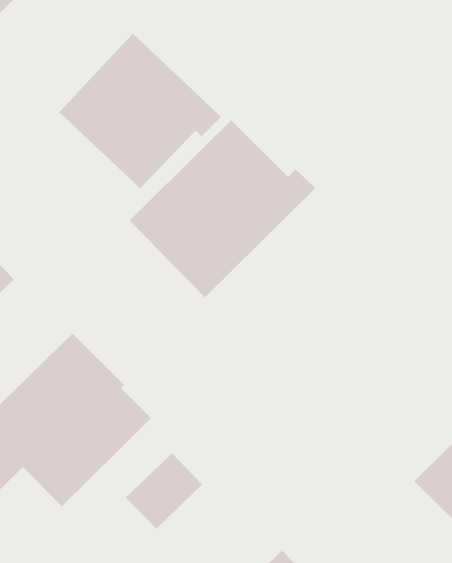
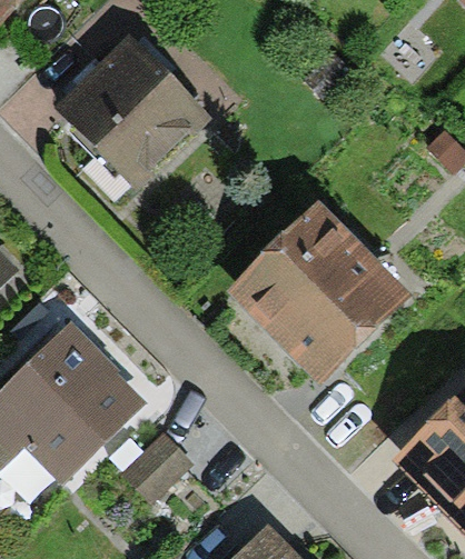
building: [129,120,316,298] -> none
building: none -> [226,199,412,383]

